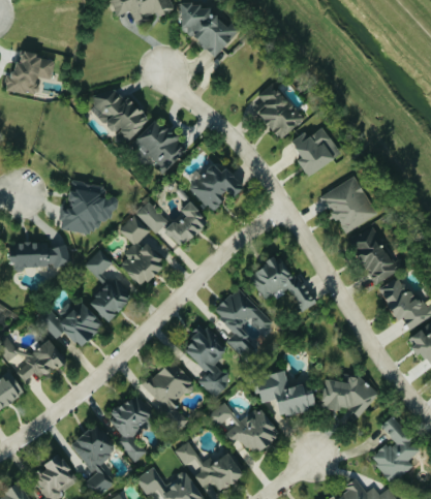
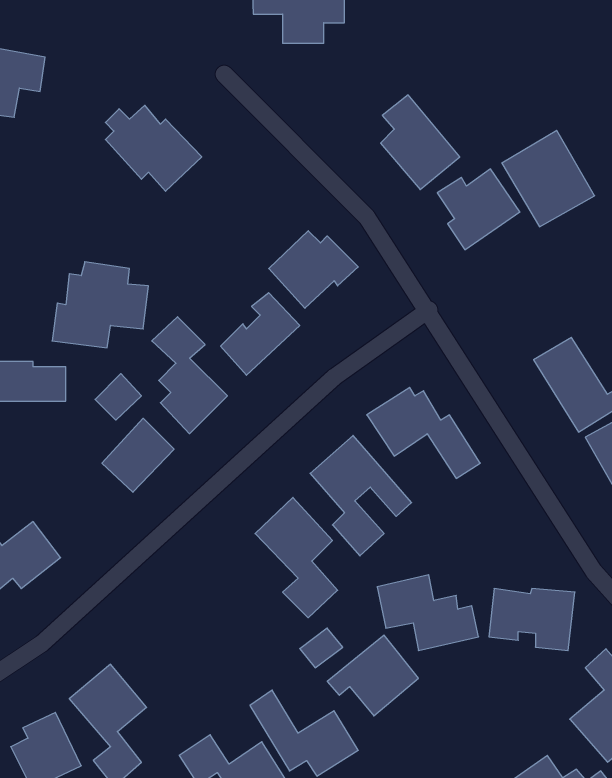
building: [132,119,186,171] -> none
building: [321,176,377,233] -> [502,130,595,227]
building: [136,202,168,235] -> none
building: [38,302,103,347] -> none
building: [141,360,194,418] -> none
building: [110,395,153,463] -> none

